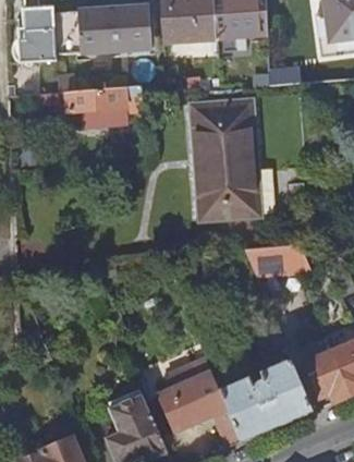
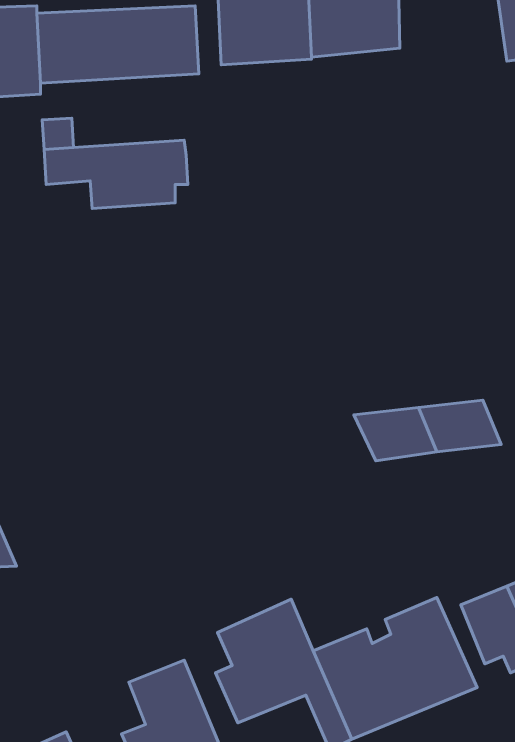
building: [191,100,260,220] -> none

